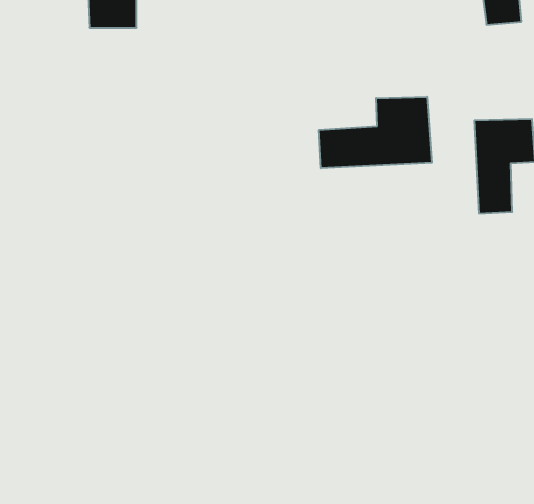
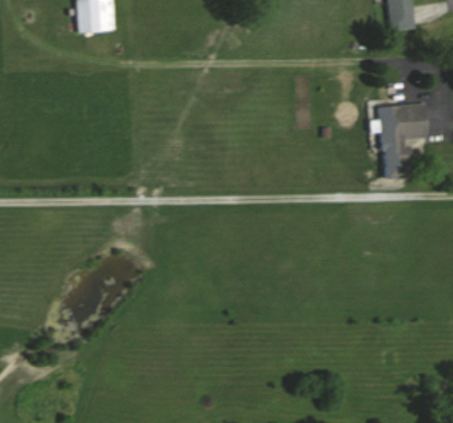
building: [319,97,432,168] -> none

